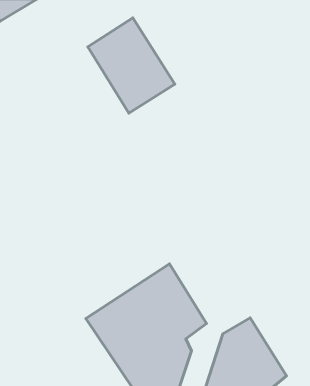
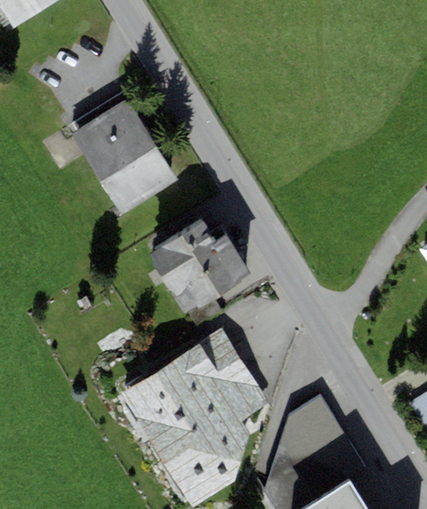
building: [88,18,175,113] -> [71,98,179,216]
building: none -> [150,218,249,313]

